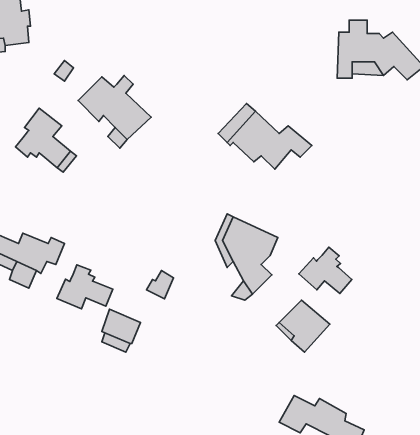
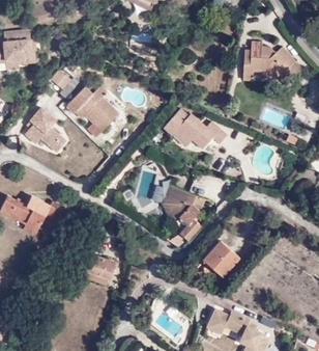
building: [299,247,352,294] -> none
building: [57,265,113,309] -> none

